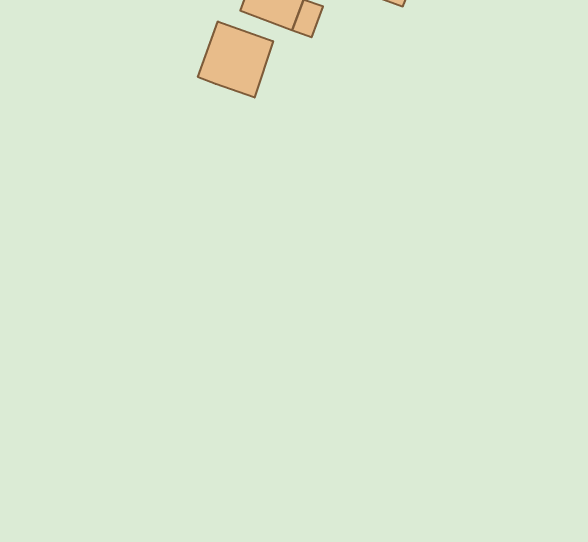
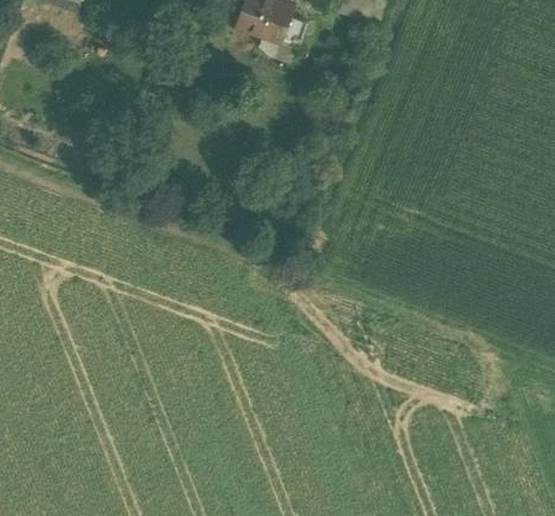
building: [198,21,273,98] -> none

